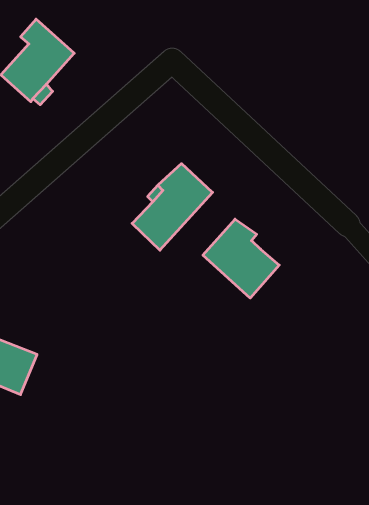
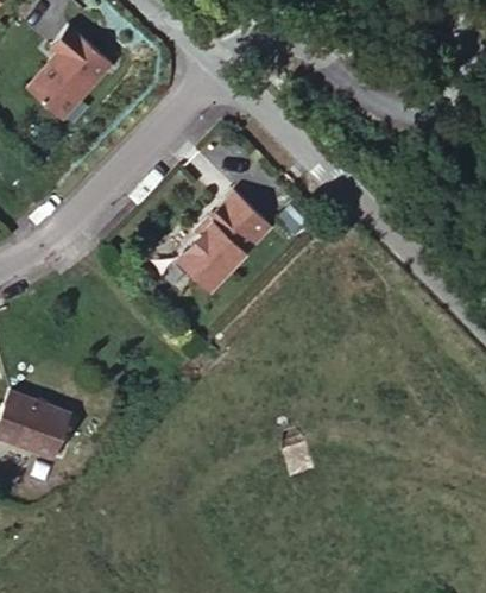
building: [203,219,279,298] -> none

